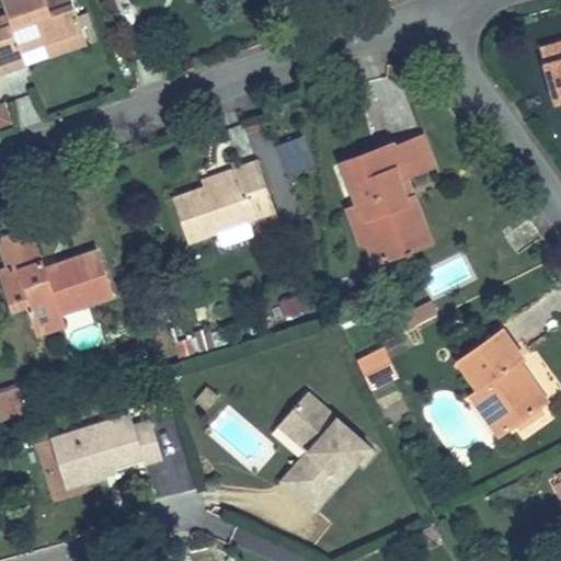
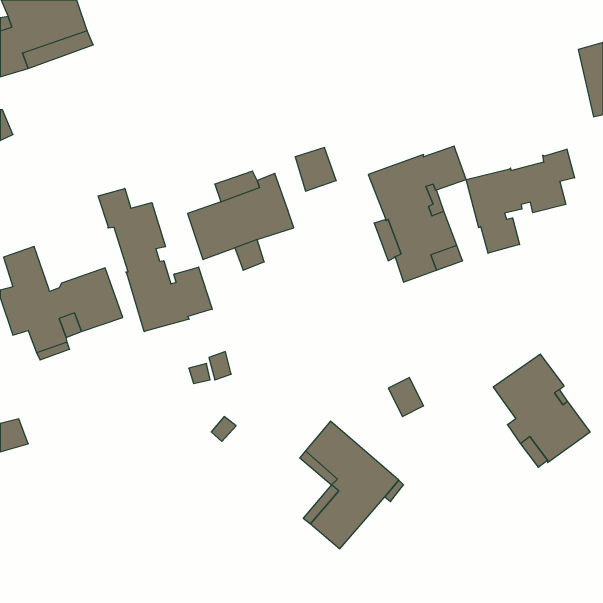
building: none -> [466,149,575,253]
building: none -> [98,188,212,332]
building: [51,414,162,488] -> none

